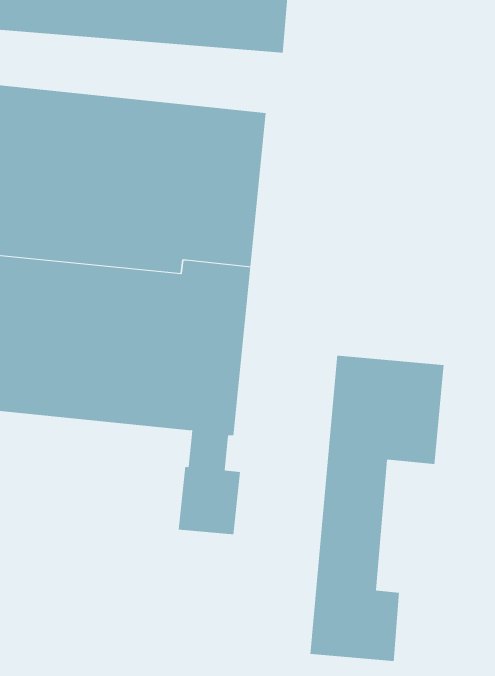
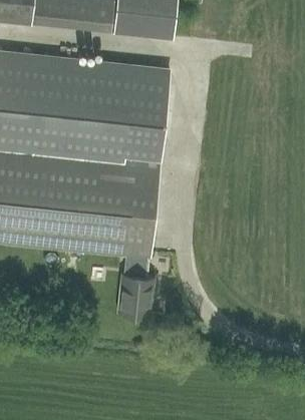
building: [310,355,444,662] -> none

